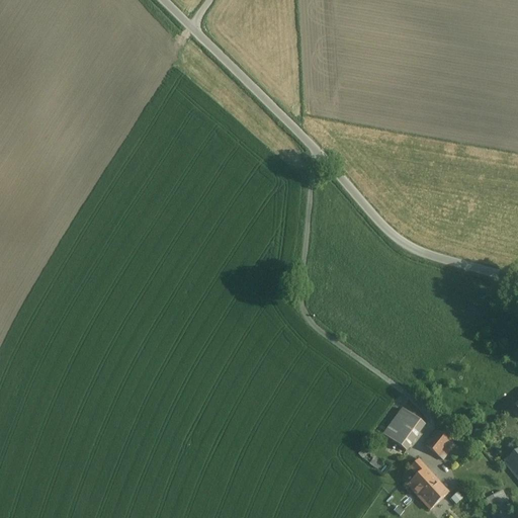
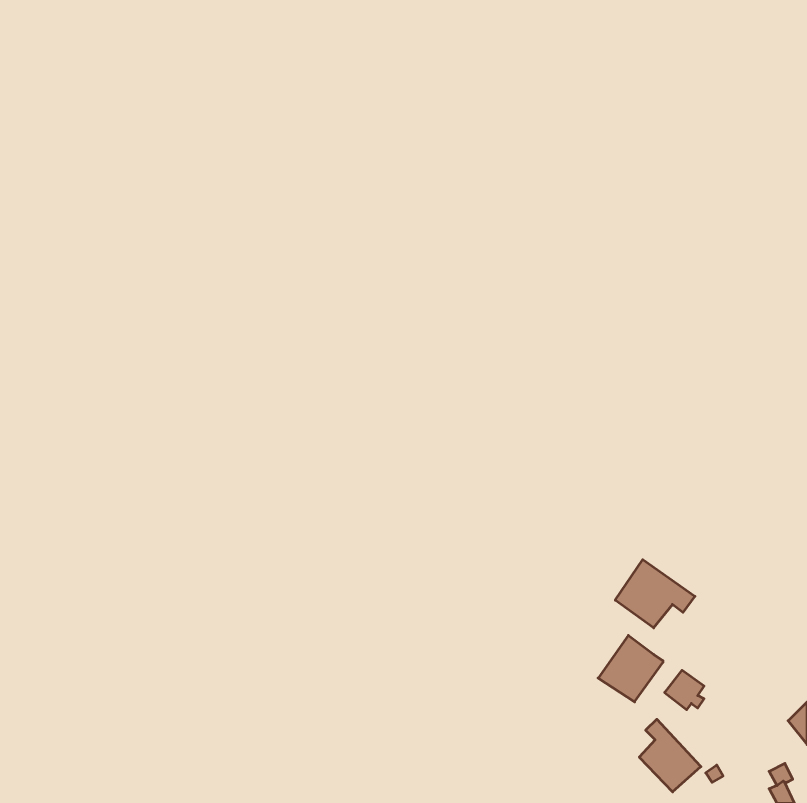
building: none -> [615,560,695,628]

